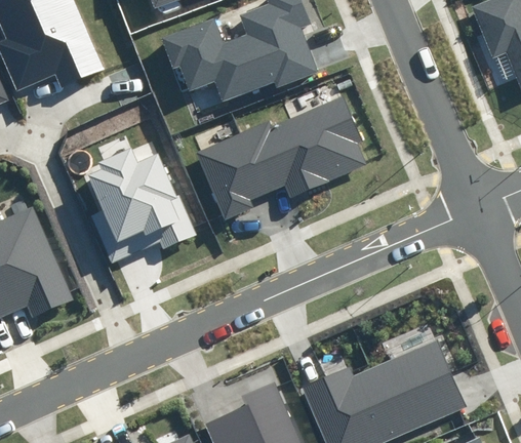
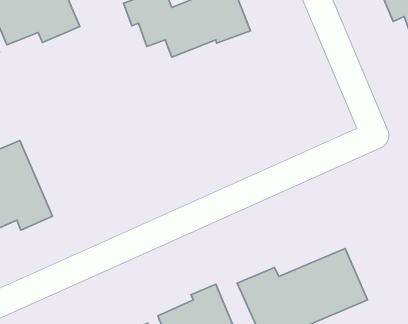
building: [199,95,366,216] -> none
building: [84,148,196,265] -> none

